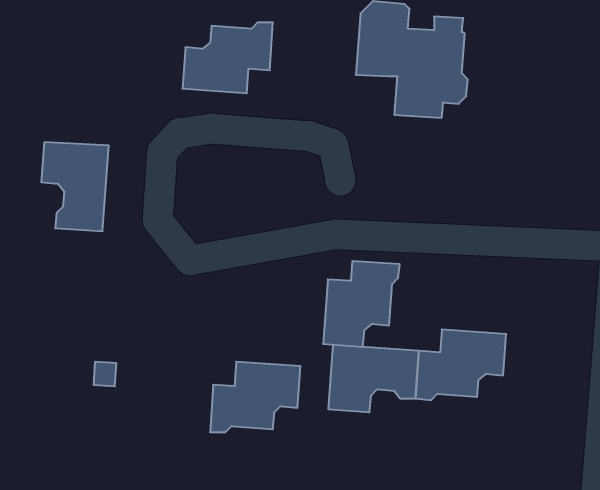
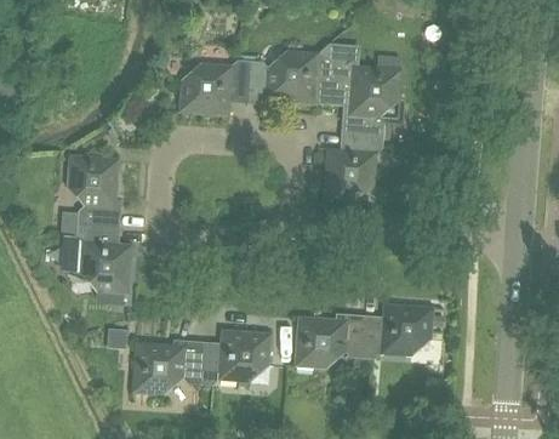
building: none -> [246,49,318,102]
building: none -> [59,222,131,303]
building: [323,261,400,347] -> [321,132,382,200]
building: none -> [130,341,201,394]

